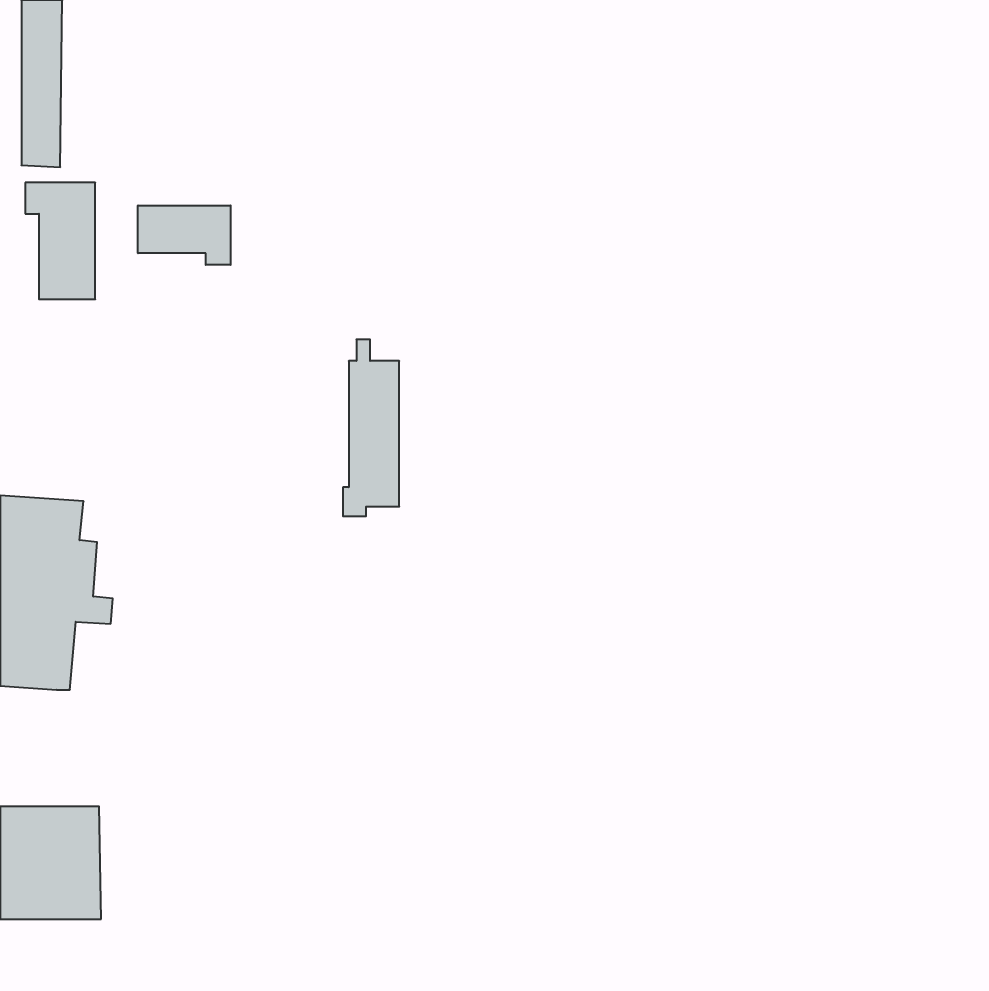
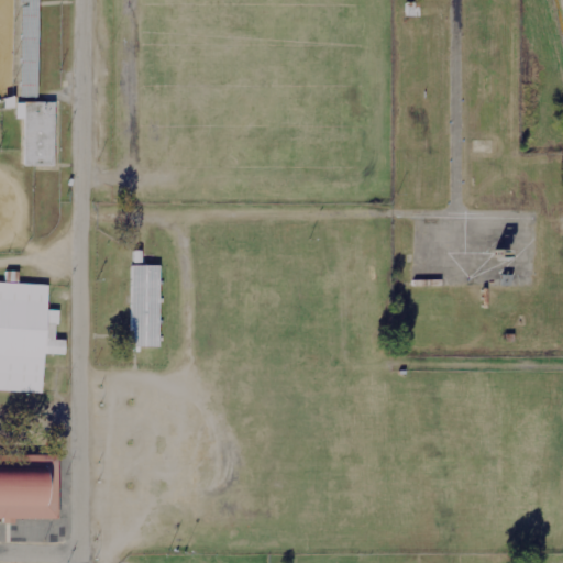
building: [138,205,231,265] -> none
building: [343,339,399,516] -> [126,252,158,352]

